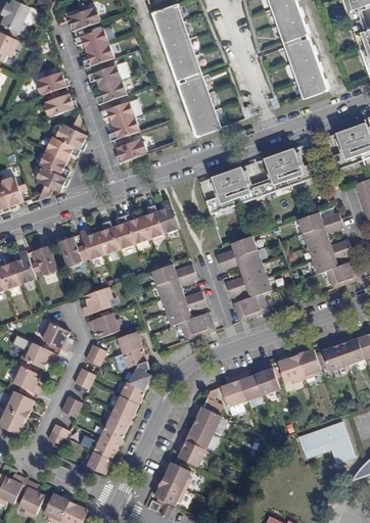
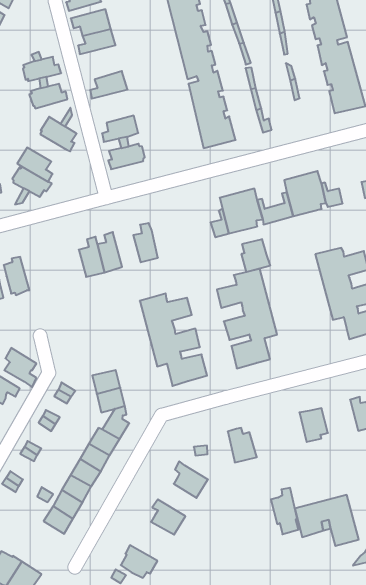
building: [86,61,128,87] -> none
building: [99,97,140,123] -> none
building: [45,135,79,159] -> none
building: [156,199,178,233] -> none
building: none -> [242,239,270,272]
building: [124,212,149,243] -> none
building: [79,228,104,259] -> none
building: [57,236,81,267] -> none
building: [81,286,111,314] -> none
building: [86,312,123,337] -> none
building: [321,339,345,371] -> none
building: [276,353,303,383] -> none
building: [253,363,279,394] -> none
building: [220,375,245,415] -> [271,488,299,534]
building: [181,423,214,449] -> none
building: [160,462,191,489] -> none

